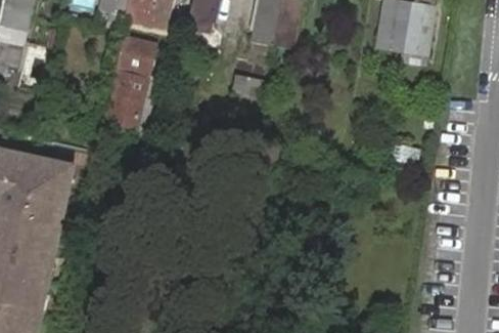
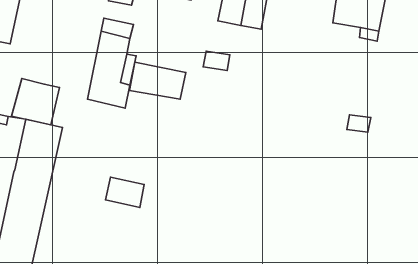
building: none -> [130,62,186,99]
building: none -> [12,79,59,125]
building: none -> [105,177,144,208]

